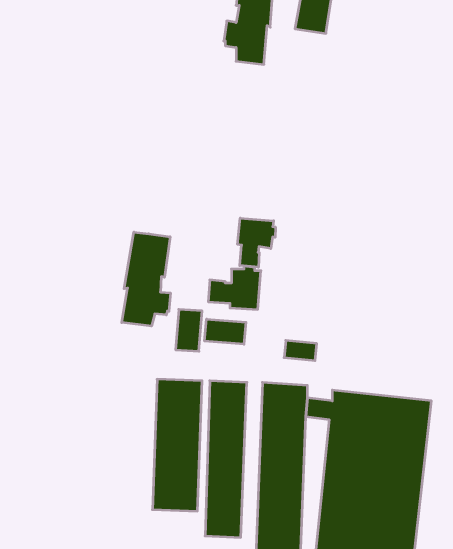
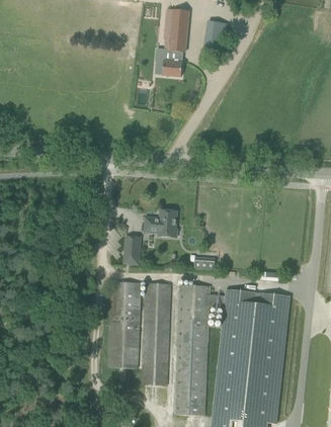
building: [238,218,275,267] -> none
building: [122,232,170,326] -> none
building: [205,319,246,344] -> none

